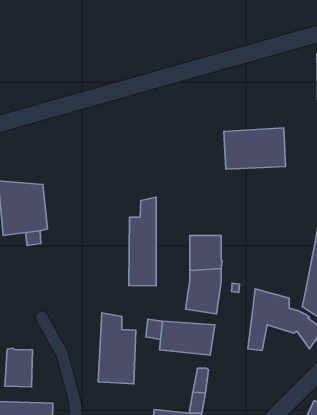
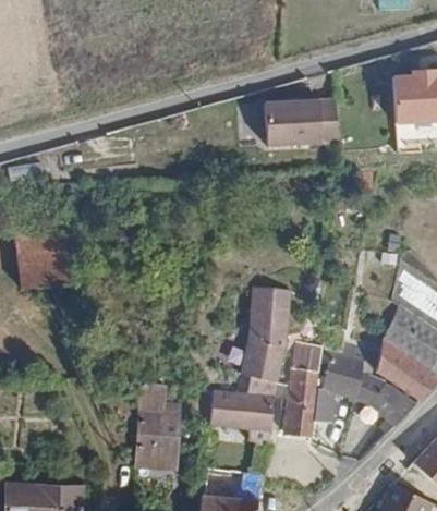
building: [224,128,286,169] -> [268,98,341,147]
building: [129,197,156,286] -> none
building: none -> [284,368,320,436]
building: [5,348,33,387] -> none

